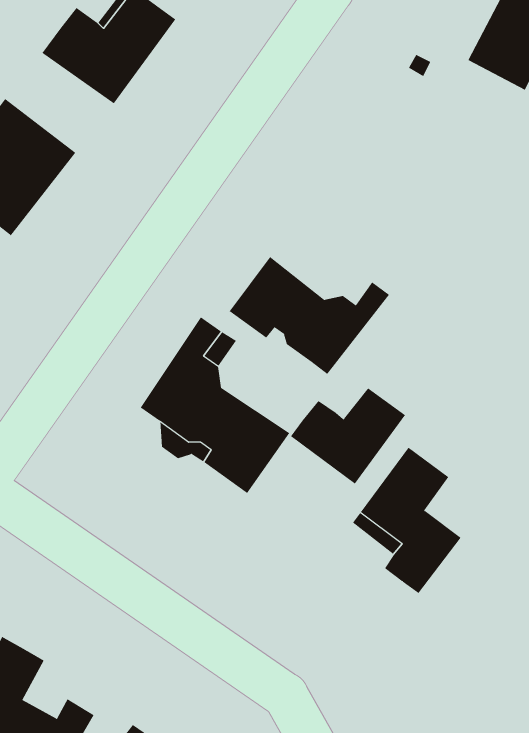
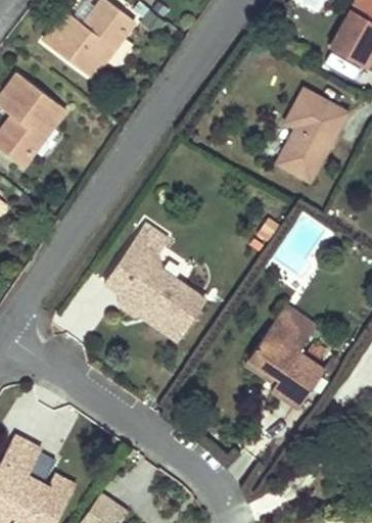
building: none -> [276,88,345,179]
building: [229,256,390,375] -> none
building: [290,387,406,485] -> none

